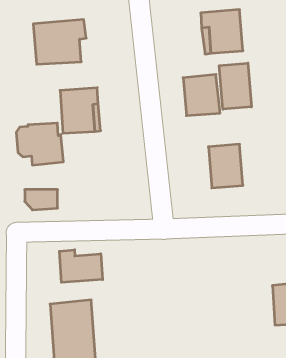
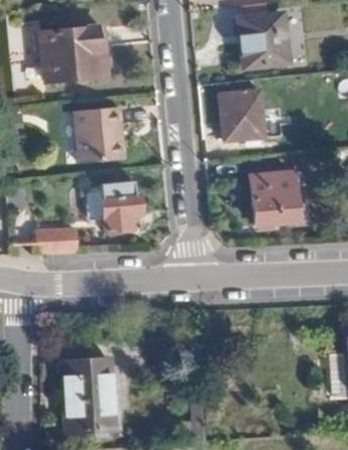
building: [219,63,251,109] -> none
building: [16,123,63,165] -> [85,180,141,231]
building: [59,250,103,282] -> none

